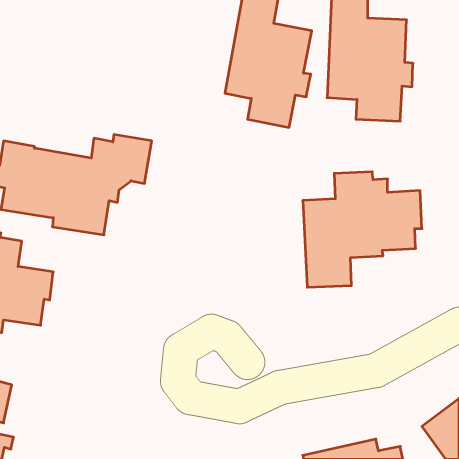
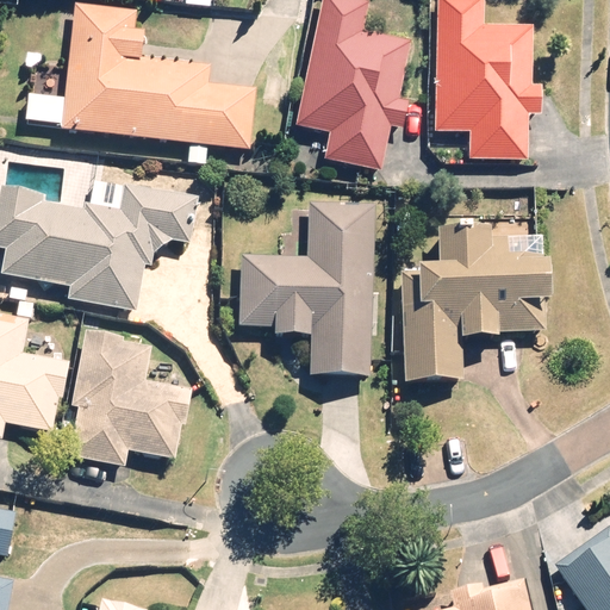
building: none -> [25,5,256,162]
building: none -> [242,200,372,373]
building: none -> [70,328,193,465]

